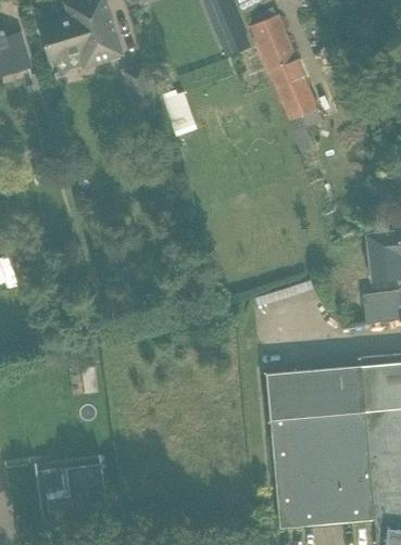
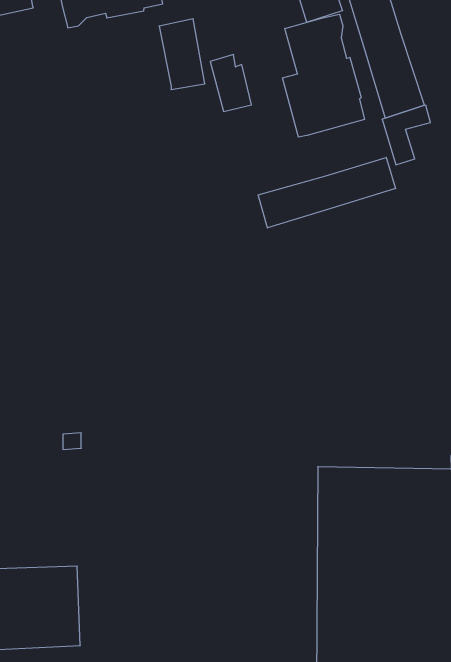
building: none -> [283,14,365,137]
building: none -> [258,157,396,228]

